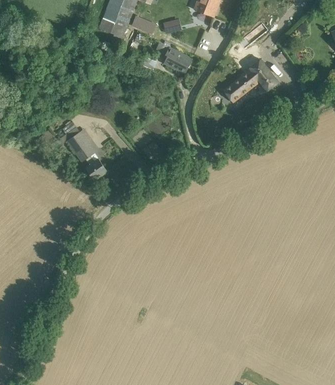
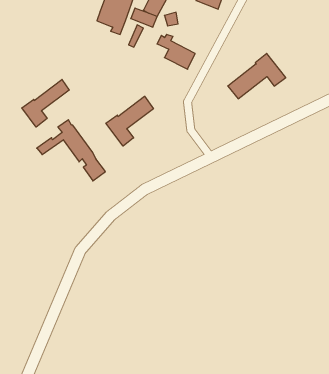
building: none -> [22,79,69,127]
building: none -> [106,96,153,146]

